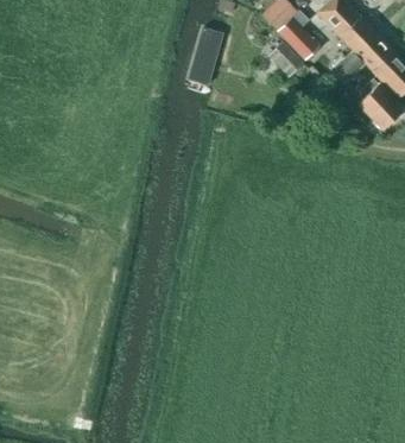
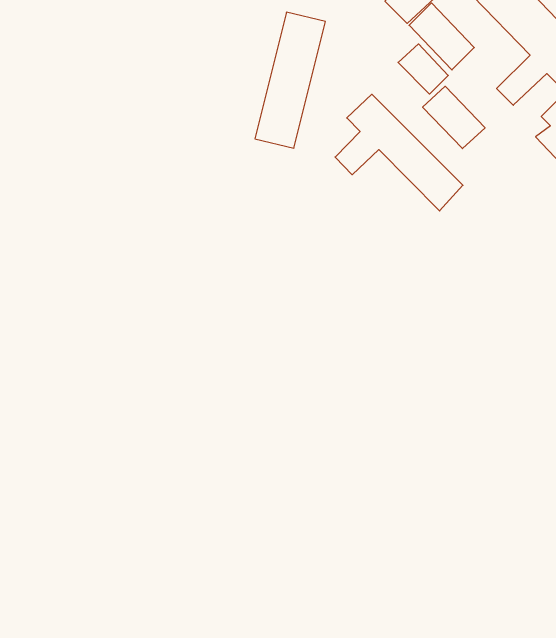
building: none -> [423,86,485,149]
building: none -> [335,94,463,211]

